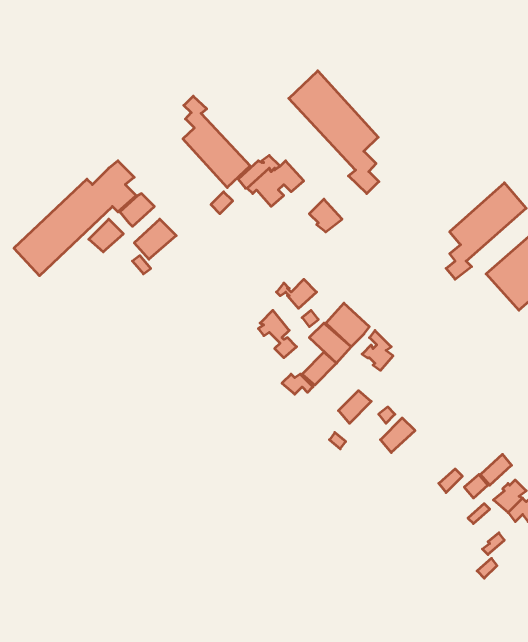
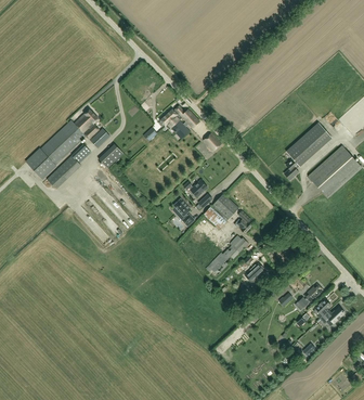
building: [289,71,379,194] -> none
building: [183,96,250,188] -> none

